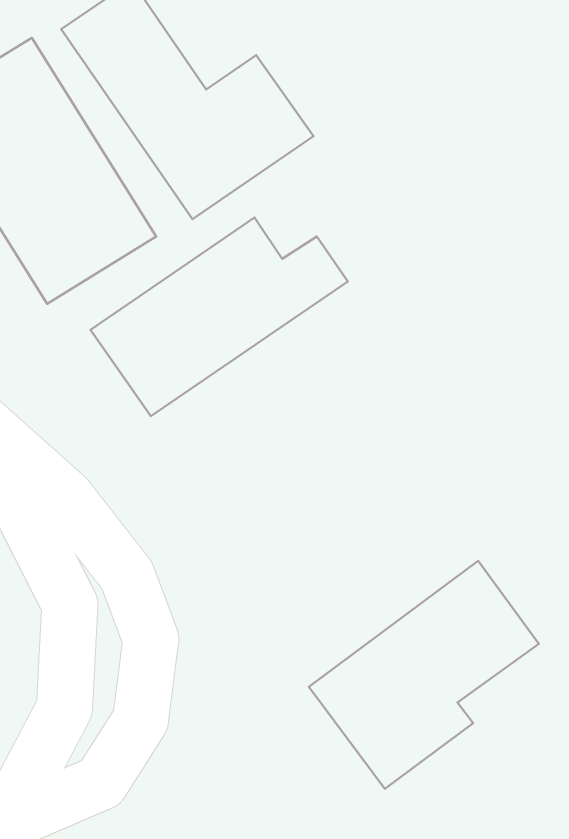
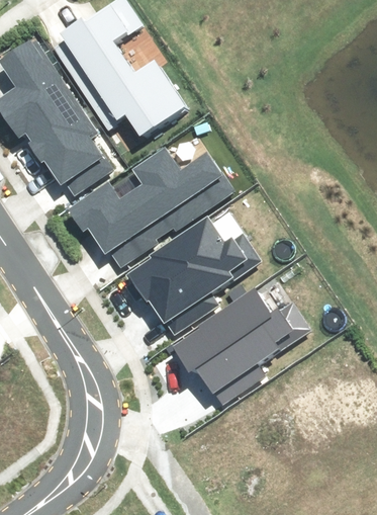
building: none -> [119,217,256,329]
building: [309,561,539,789] -> [169,274,303,408]

